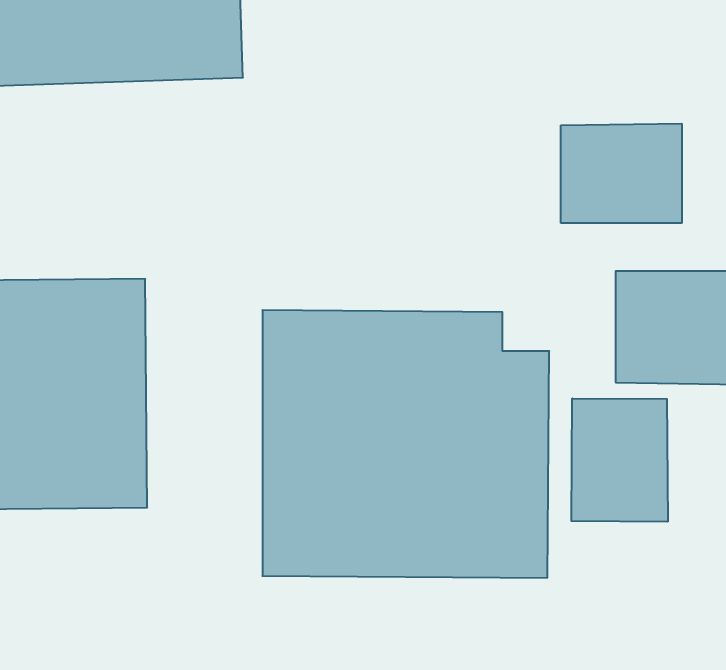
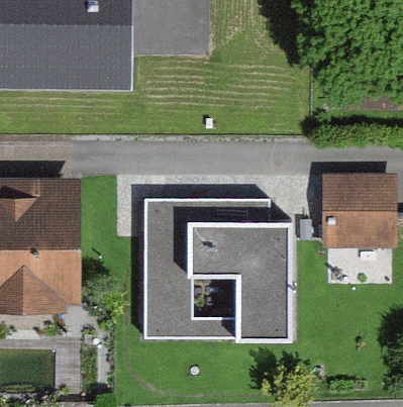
building: [561,124,682,223] -> none
building: [571,398,668,522] -> none

